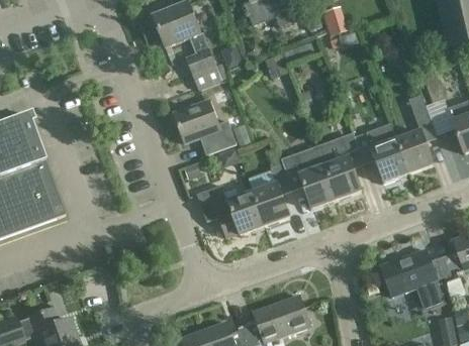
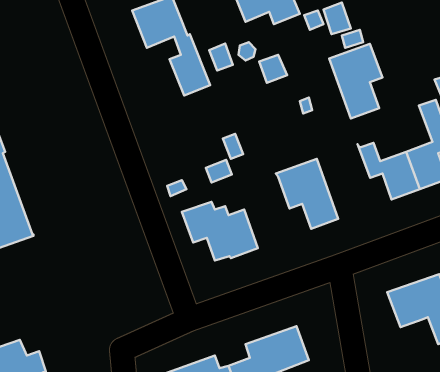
building: [174,100,237,155] -> none
building: [317,133,365,200] -> [329,44,382,118]
building: [253,162,293,226] -> none

